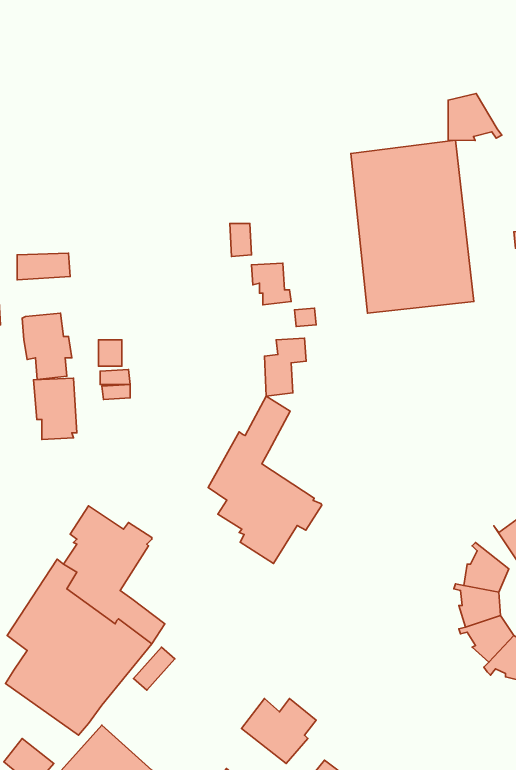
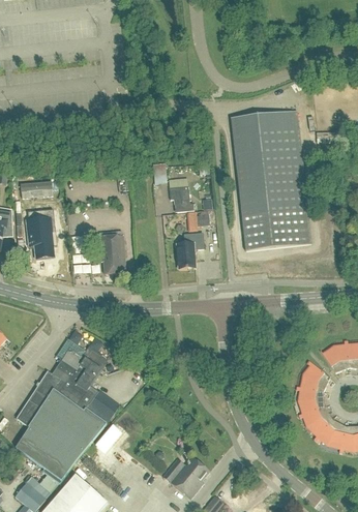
building: [448,94,502,140] -> none
building: none -> [241,210,311,250]
building: [34,378,77,440] -> [98,235,125,273]
building: [208,396,322,564] -> none

